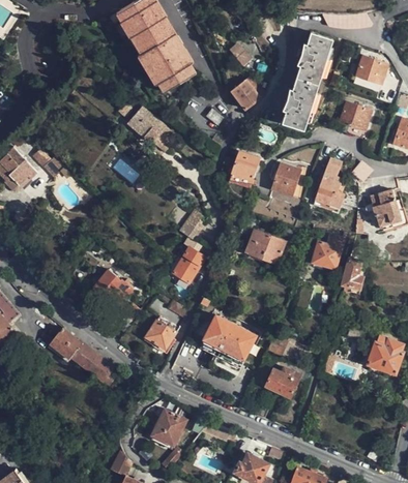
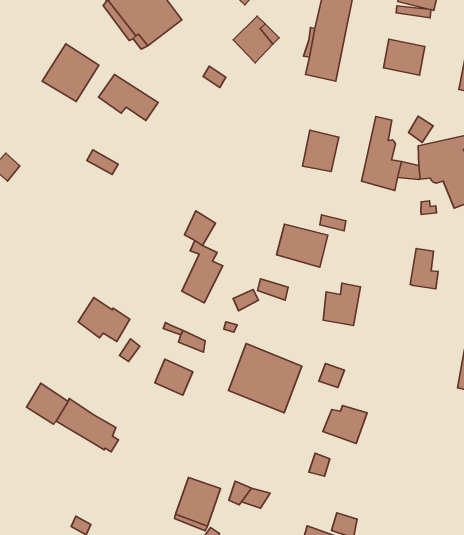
building: none -> [42,44,99,102]
building: [231,152,260,181] -> none
building: [313,237,343,269] -> [323,283,361,326]

